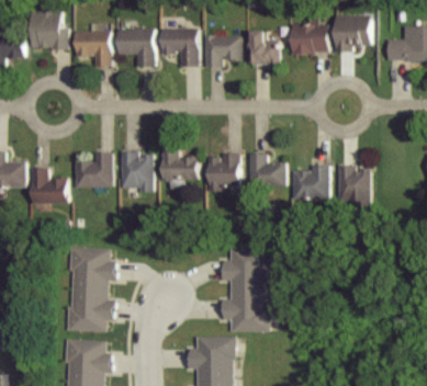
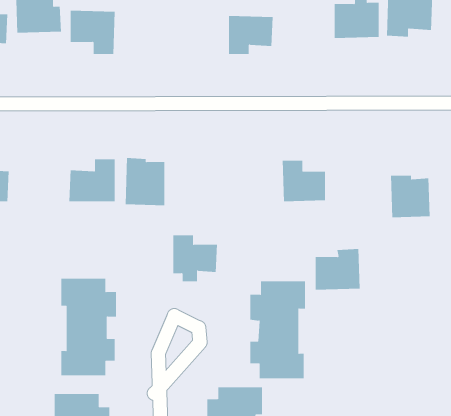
building: [119,29,156,68] -> none
building: [161,29,200,67] -> none
building: [251,31,280,65] -> none
building: [162,150,200,189] -> [172,235,218,282]
building: [209,154,241,192] -> none
building: [293,164,330,198] -> [315,249,360,290]
building: [31,168,68,203] -> none

